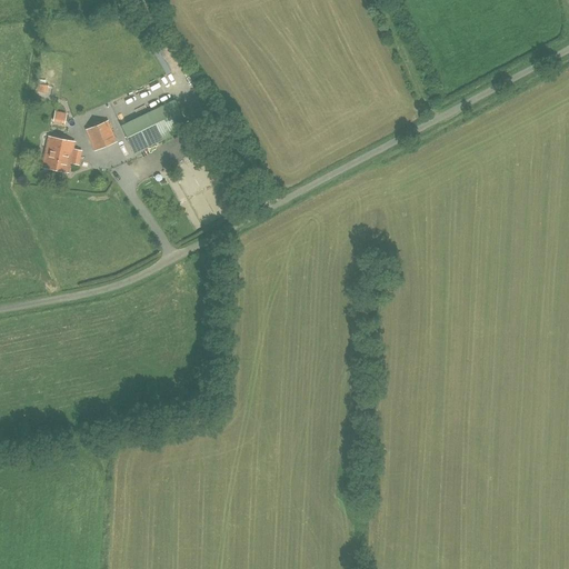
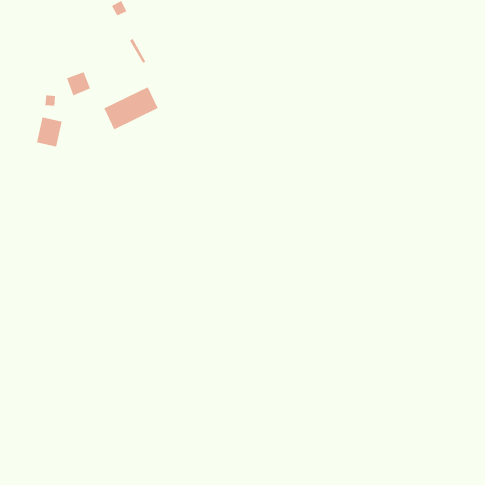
building: [87,121,116,150] -> [66,71,91,96]

